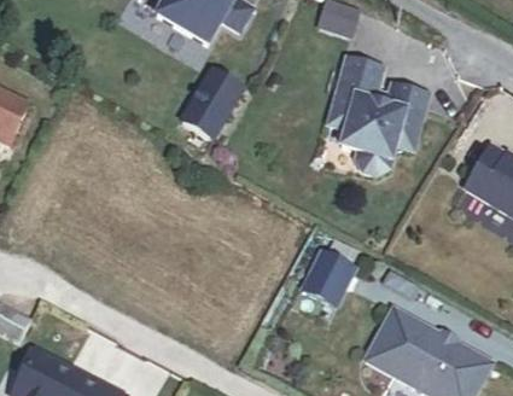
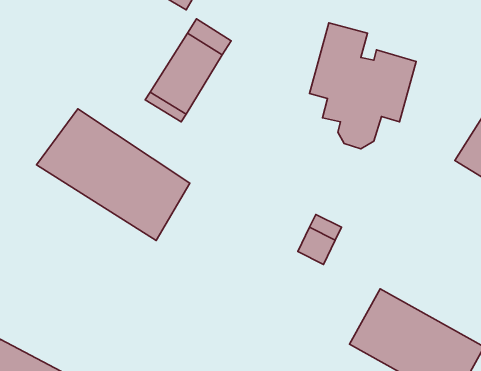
building: none -> [36,109,190,240]

